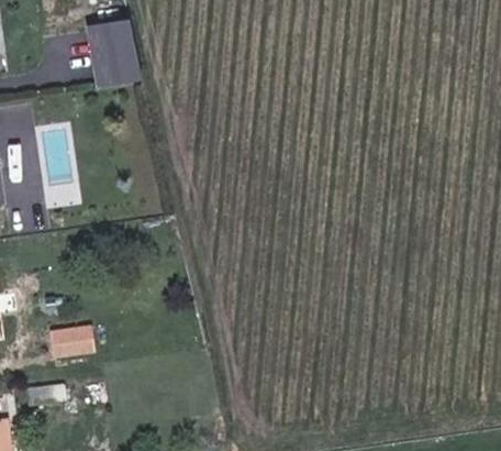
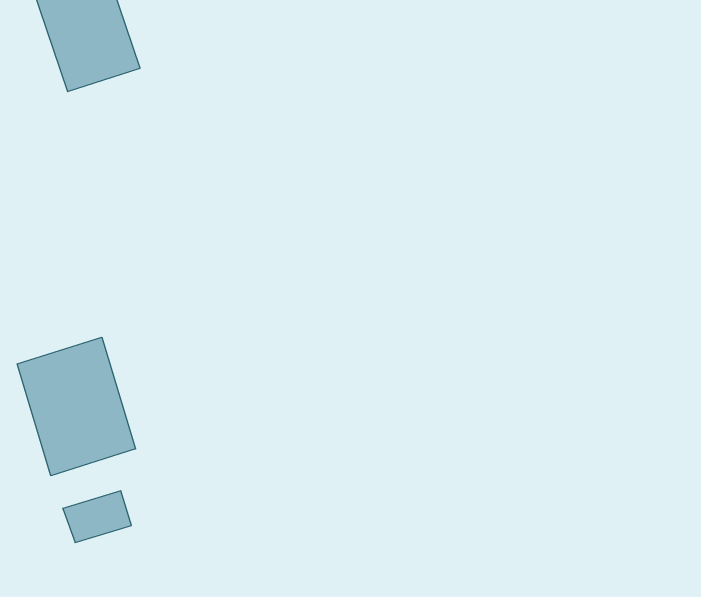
building: none -> [17,337,136,476]

